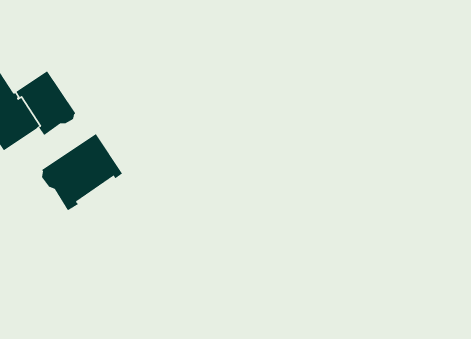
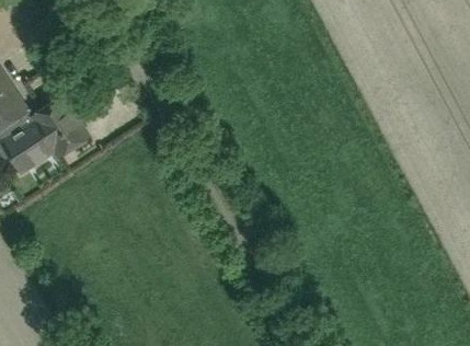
building: [41,133,123,211] -> none

